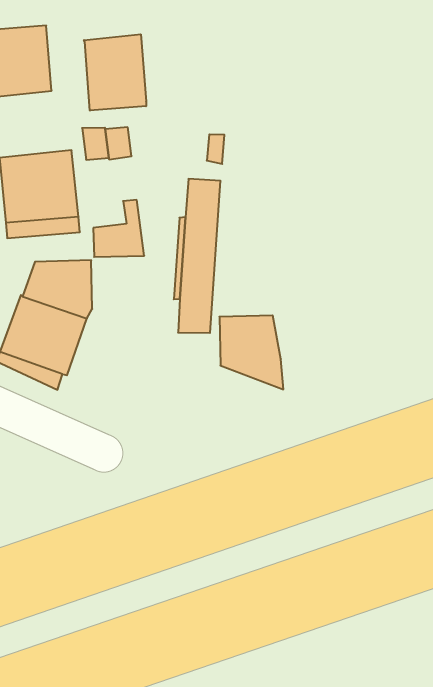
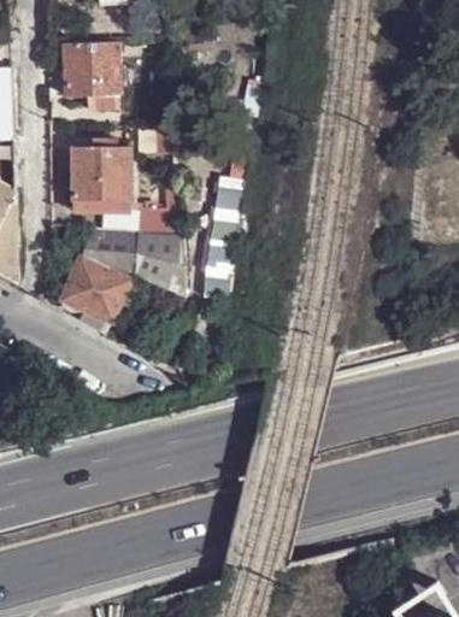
building: [84,34,146,111] -> none
building: [219,315,283,389] -> [135,231,183,293]

